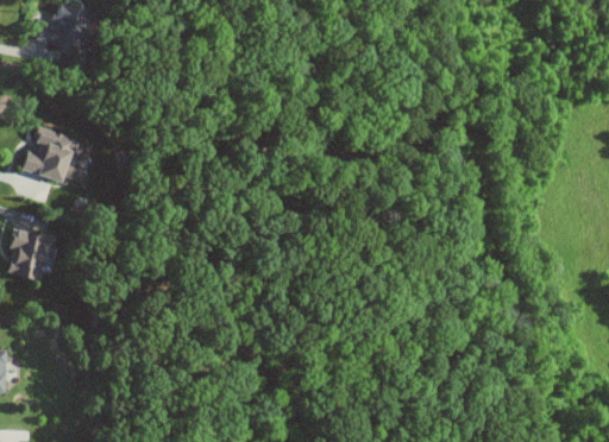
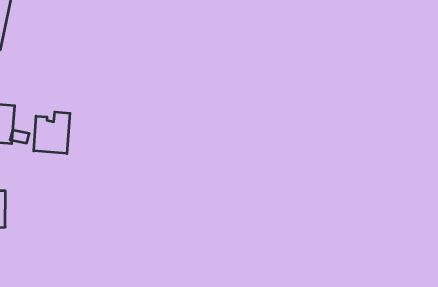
building: none -> [34,112,70,154]

